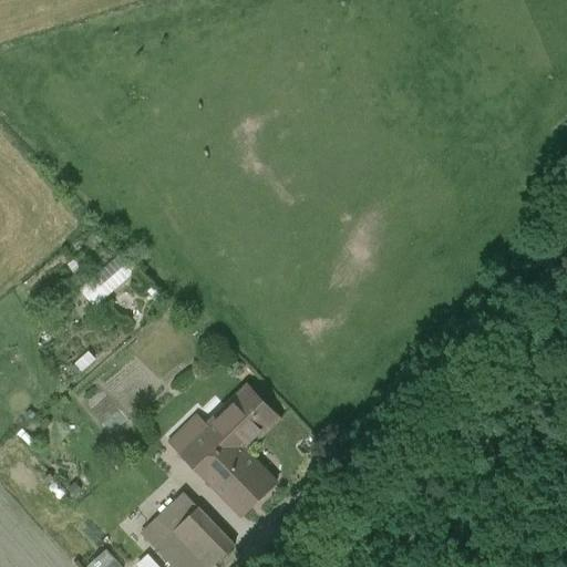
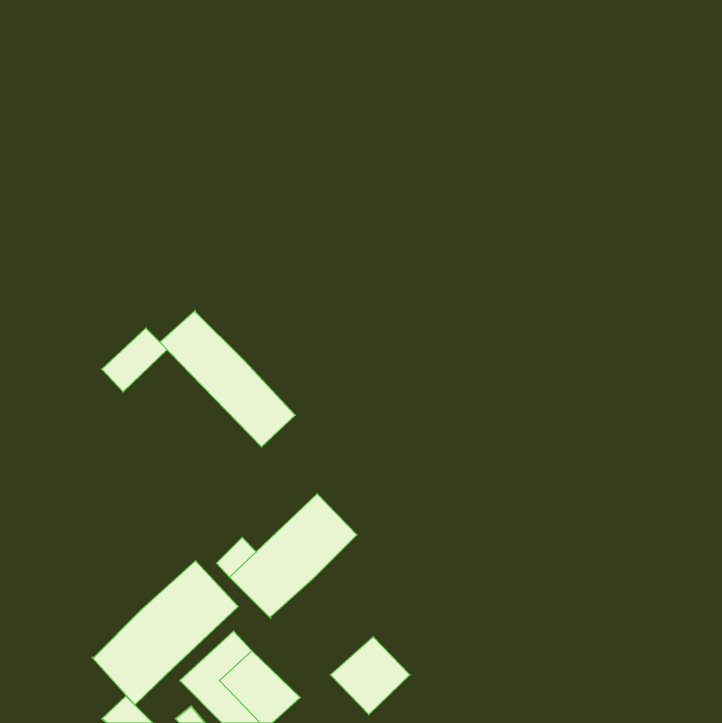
building: none -> [160,310,295,447]
building: none -> [92,561,238,705]
building: [212,453,274,514] -> [331,637,410,715]

